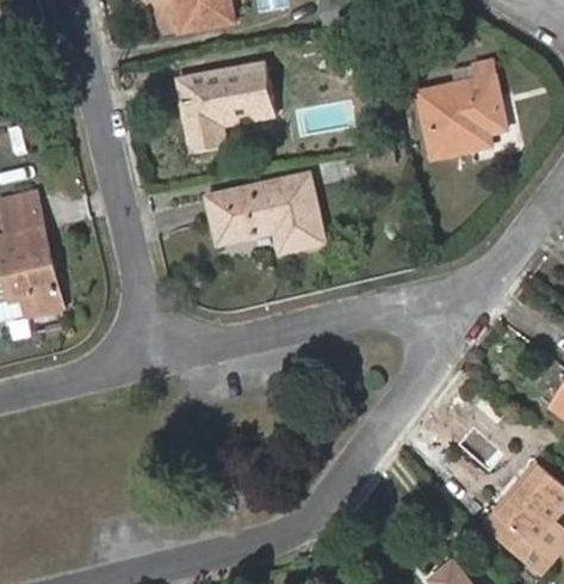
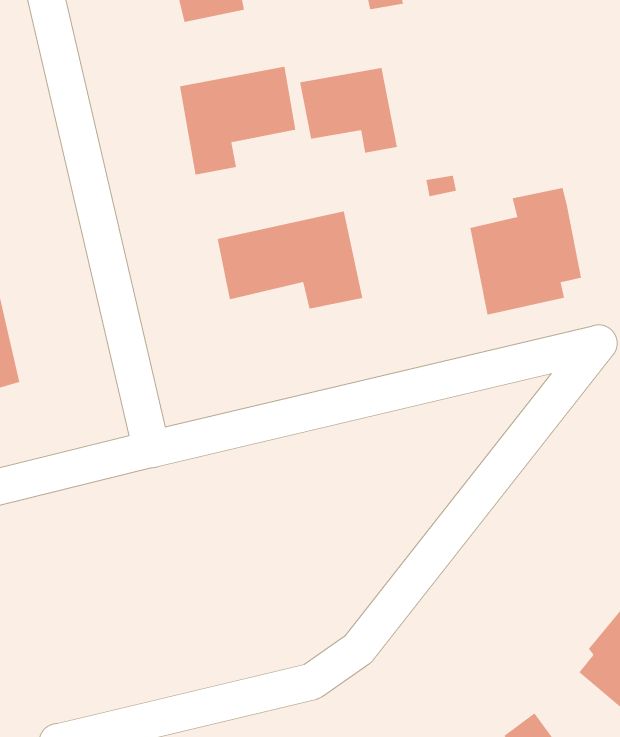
building: [420,61,506,159] -> [470,187,582,315]
building: none -> [300,67,397,154]

